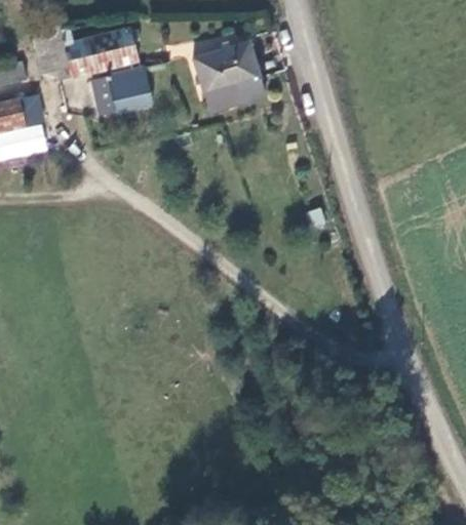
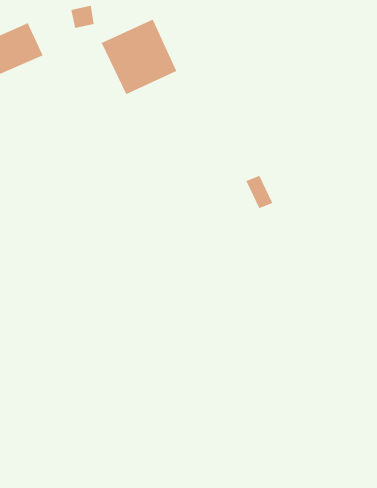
building: [102,68,153,110] -> none

